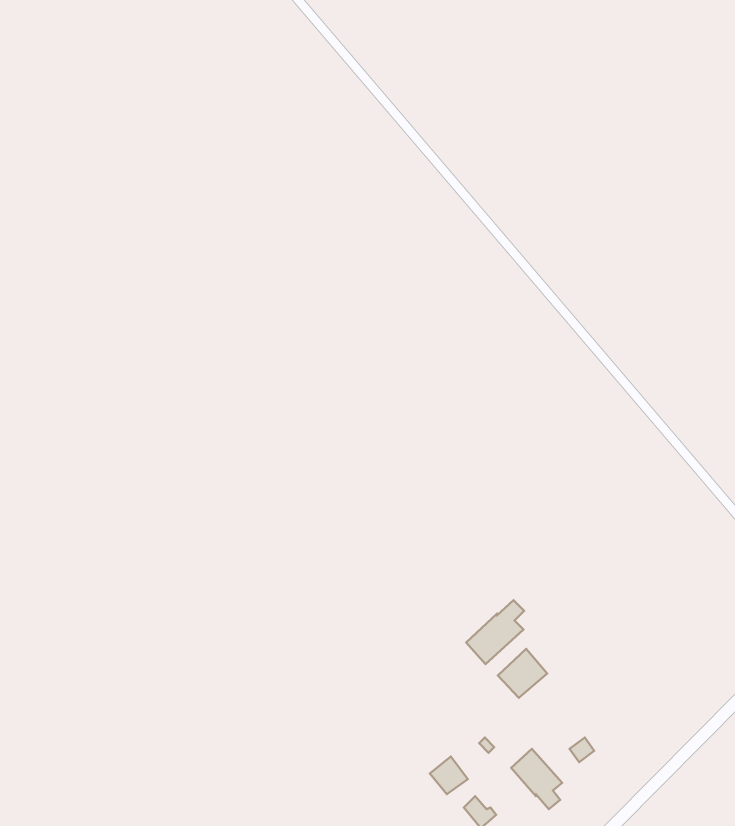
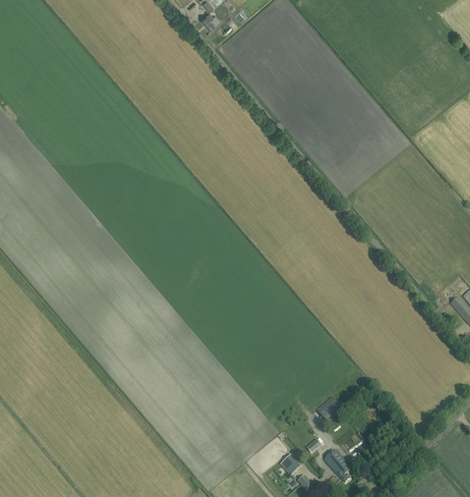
building: [466,600,524,664] -> none

